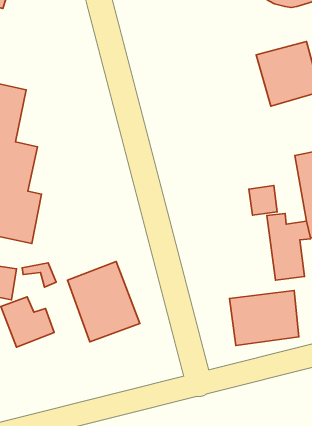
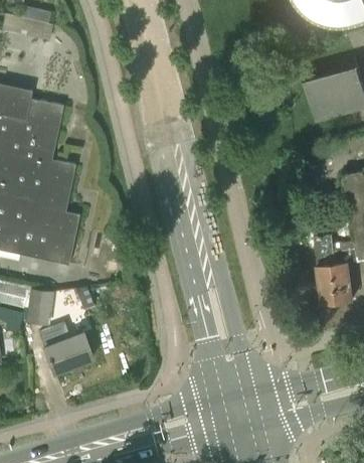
building: [249,185,277,215] -> none
building: [68,262,140,342] -> none
building: [230,291,299,345] -> none

